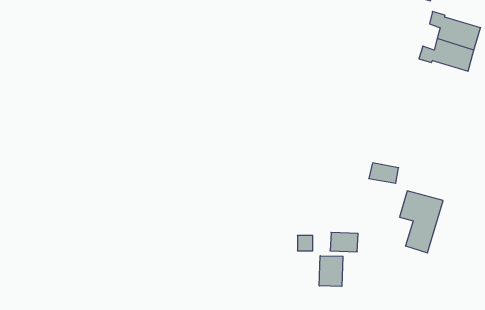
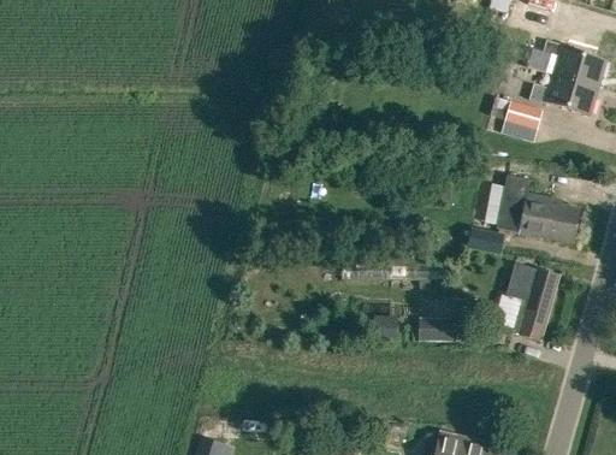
building: none -> [504,98,543,128]
building: none -> [497,176,579,244]
building: [319,256,343,286] -> none

